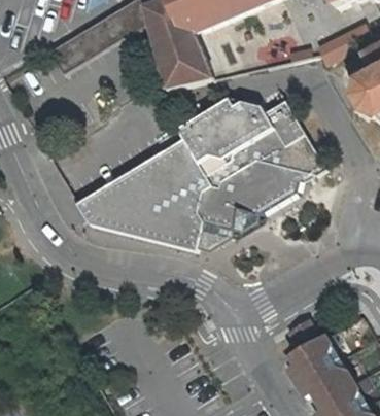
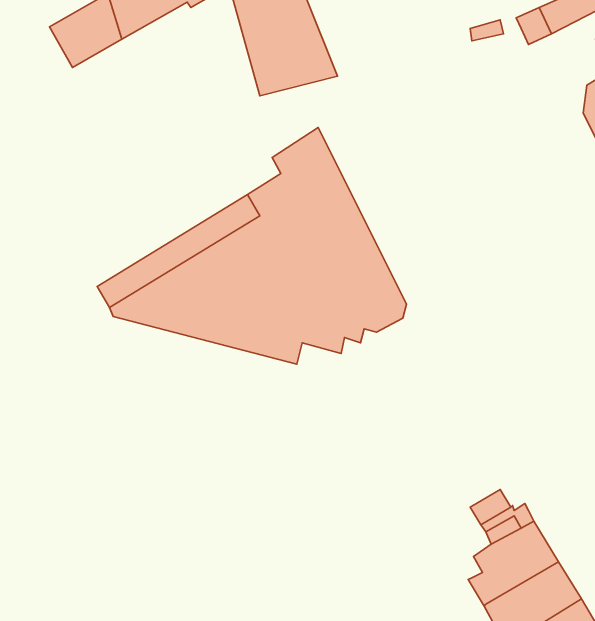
building: [202,96,322,215] -> none

